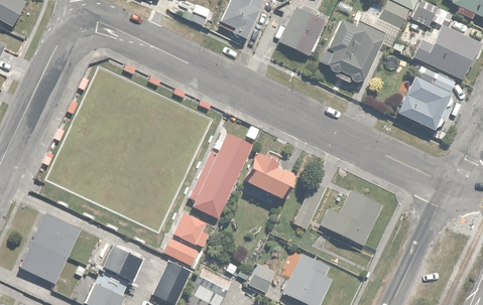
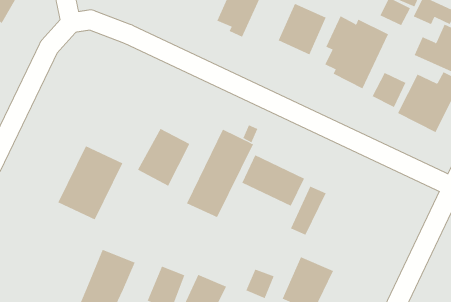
building: none -> [372,72,406,108]
building: [319,191,381,246] -> none
building: [19,211,83,284] -> [58,145,123,220]
building: [162,211,214,268] -> [137,128,190,186]

